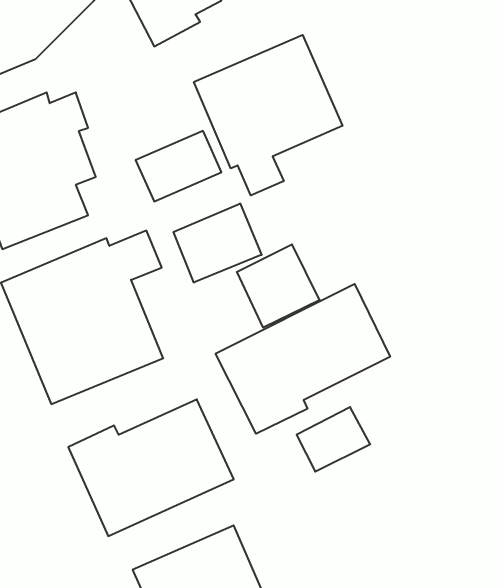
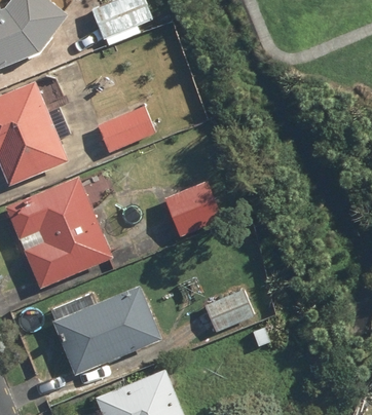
building: [194,35,342,195] -> none
building: [174,203,262,283] -> none
building: [216,284,390,434] -> none

